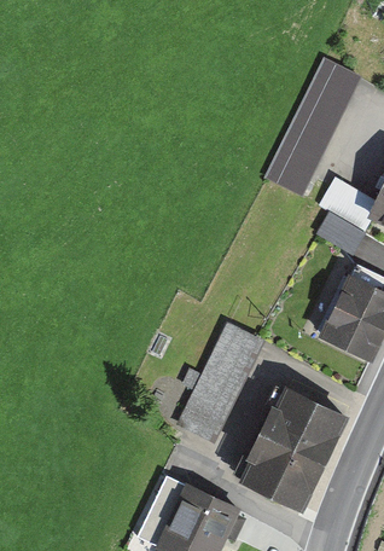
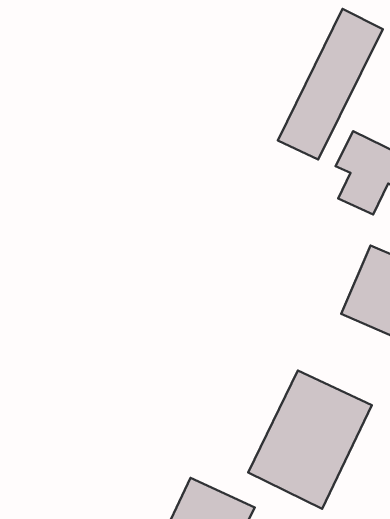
building: [182,327,277,440] -> none

